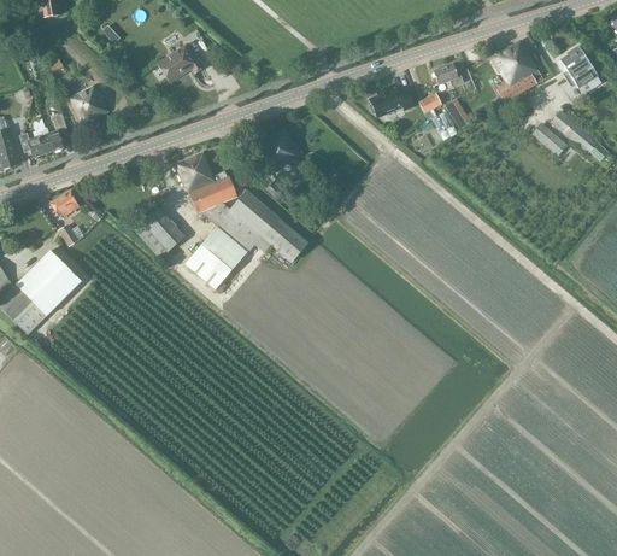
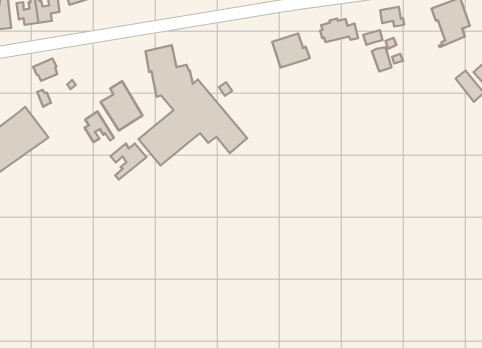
building: [258,128,304,170] -> [272,33,310,68]
building: none -> [84,112,114,142]
building: none -> [111,144,146,179]

